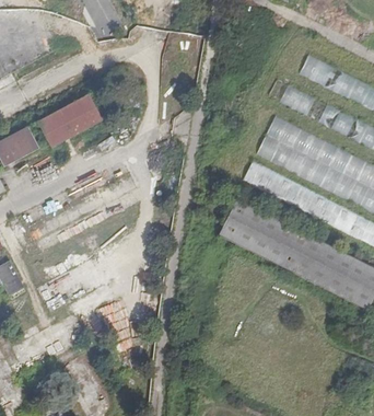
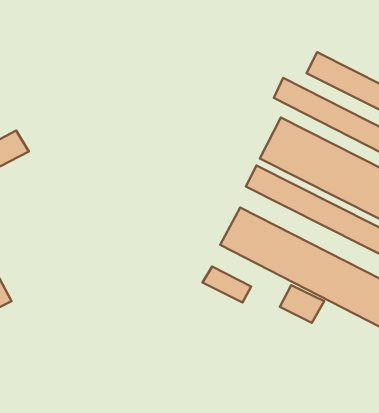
building: [37,95,103,148] -> none
building: none -> [202,267,251,303]
building: none -> [280,285,324,323]

